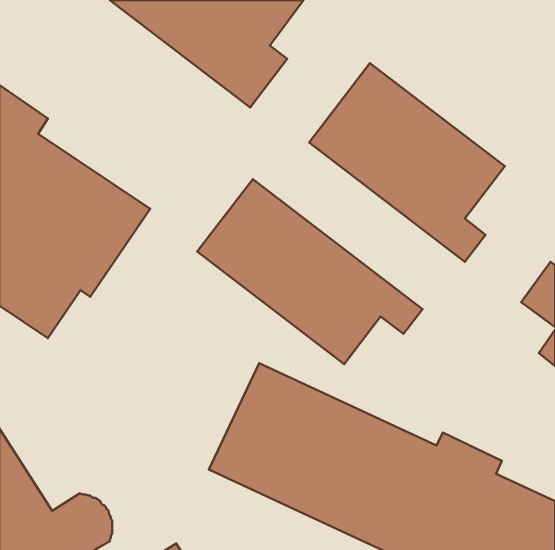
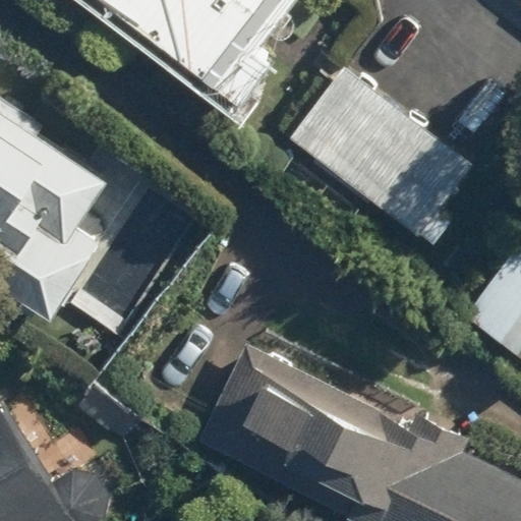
building: [197,179,423,364] -> none

